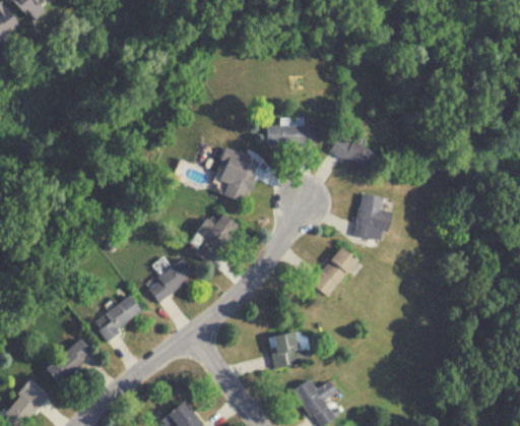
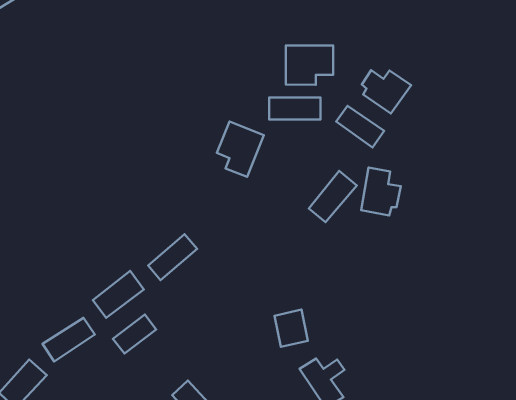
building: none -> [286,45,333,85]
building: none -> [362,70,411,114]
building: [194,214,238,263] -> none
building: [311,246,358,296] -> [309,171,357,222]
building: none -> [113,314,156,354]

